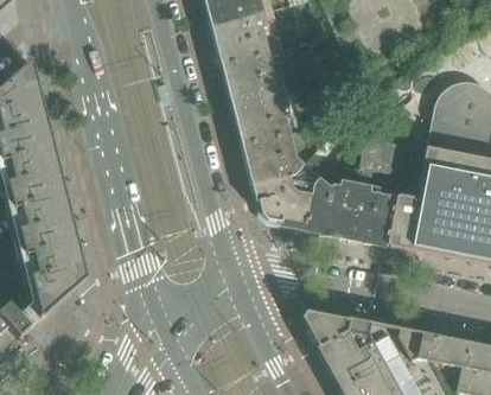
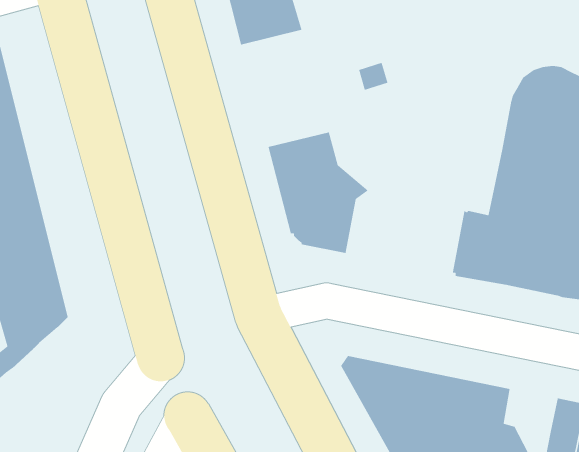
building: [219,52,289,144] -> none
building: [302,138,404,244] -> none
building: [427,333,468,368] -> none

